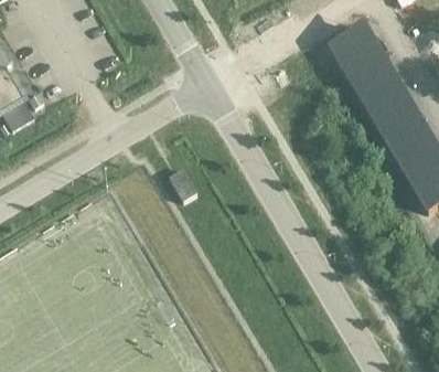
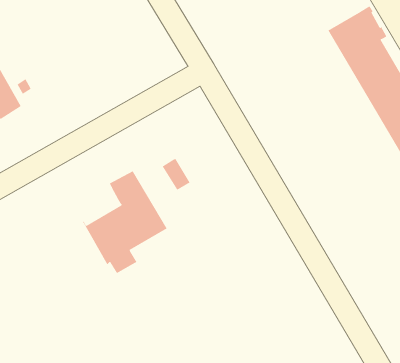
building: none -> [82,170,167,274]

